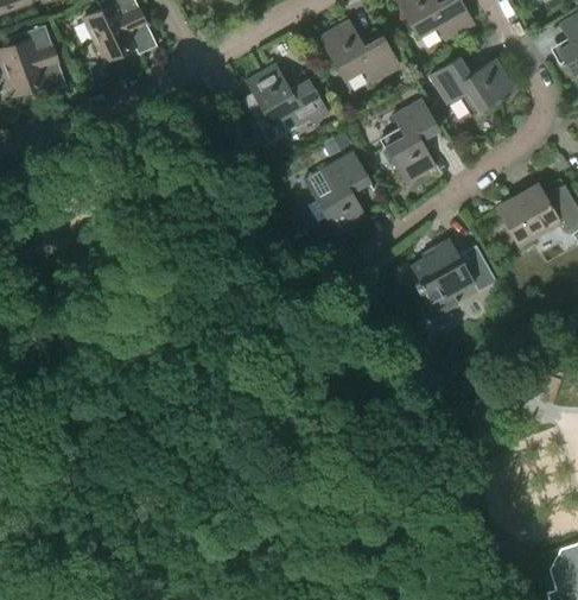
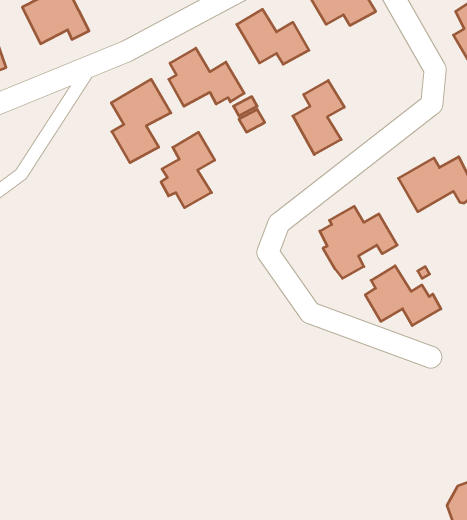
building: [430,57,513,114] -> none
building: none -> [111,79,171,163]
building: [310,151,369,234] -> [161,132,215,208]
building: none -> [365,266,441,326]

